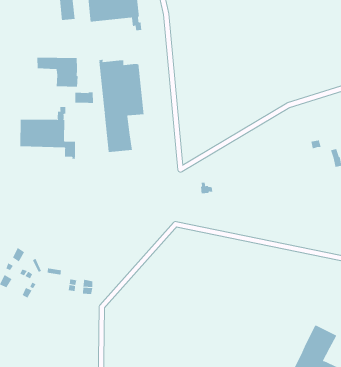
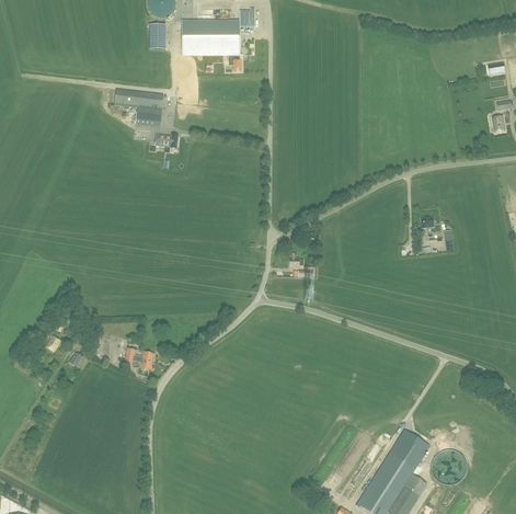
building: [98,59,144,153] -> none
building: [20,106,76,160] -> none

